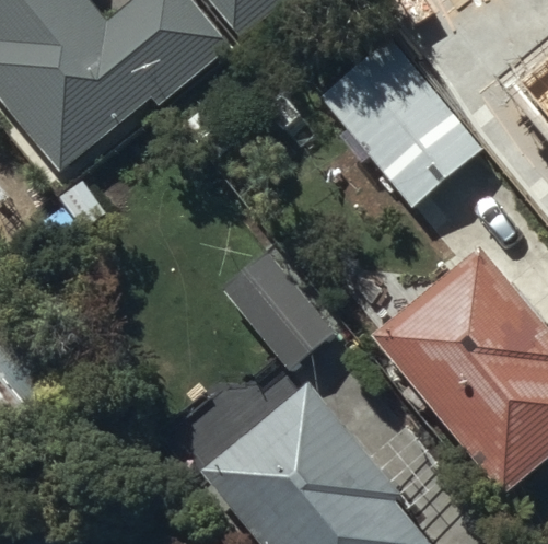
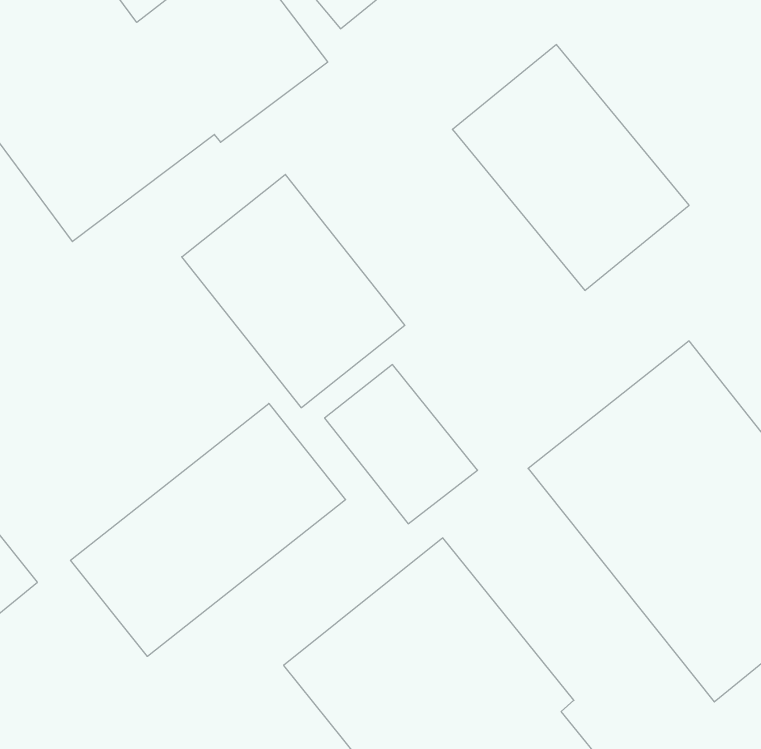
building: none -> [182,174,405,408]
building: none -> [71,403,346,656]

